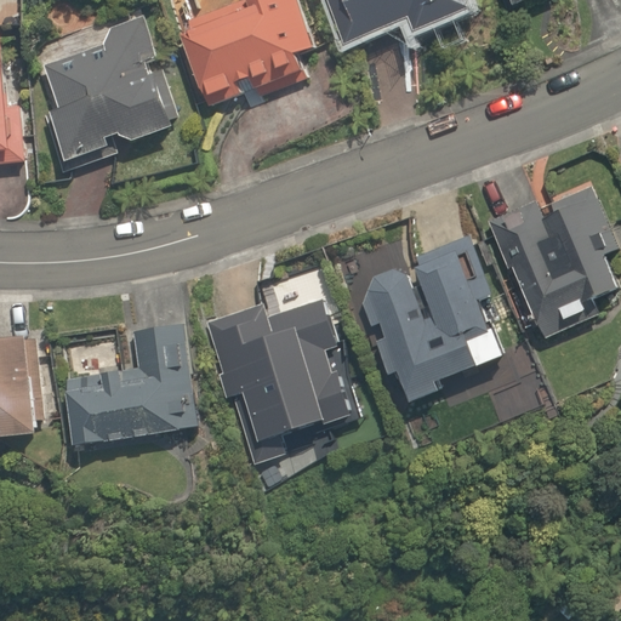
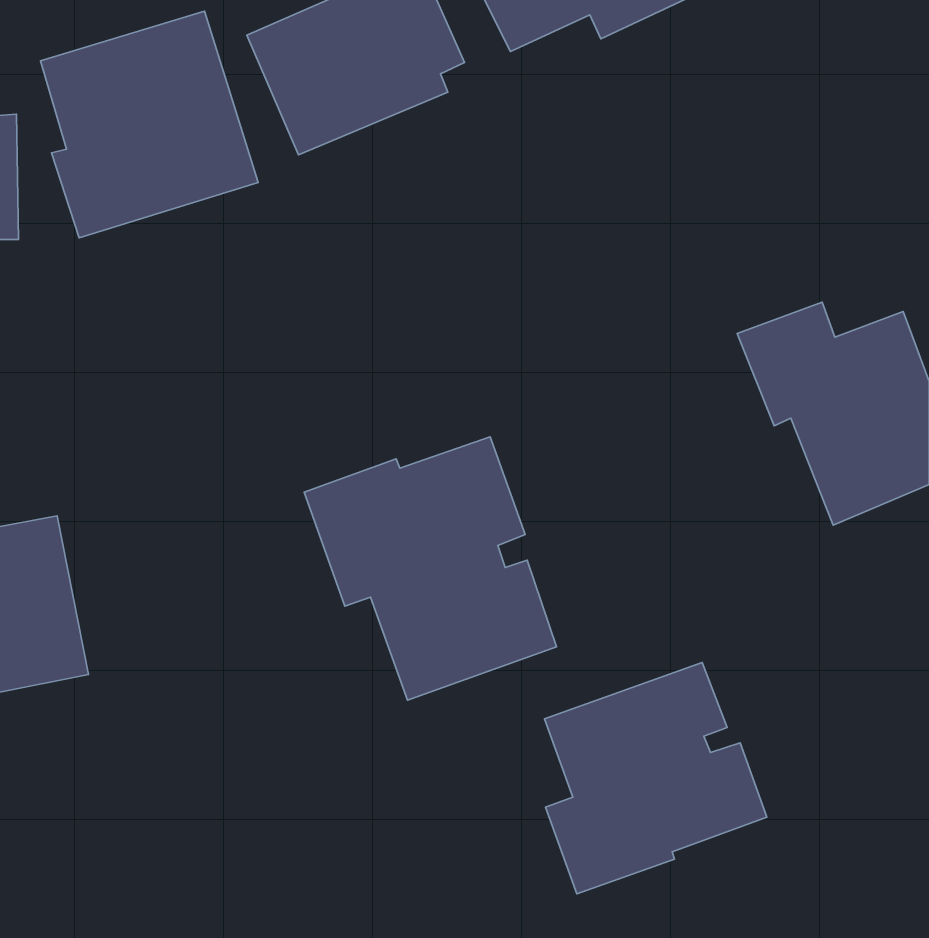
building: [357,232,529,412] -> none
building: [68,323,203,468] -> none
building: none -> [545,662,767,894]

